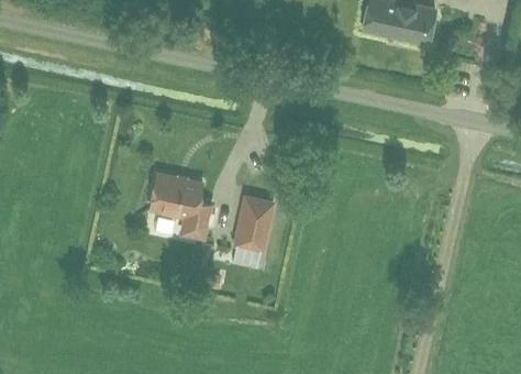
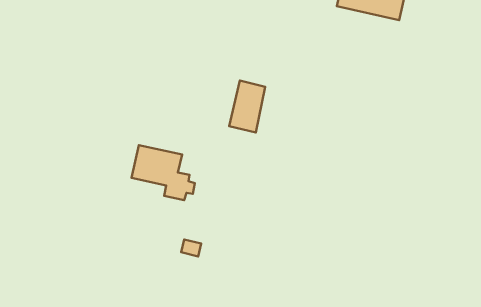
building: [234,197,271,251] -> [229,81,265,132]

